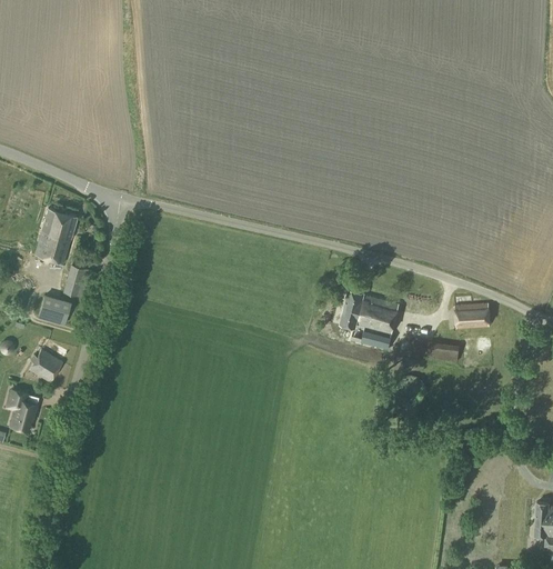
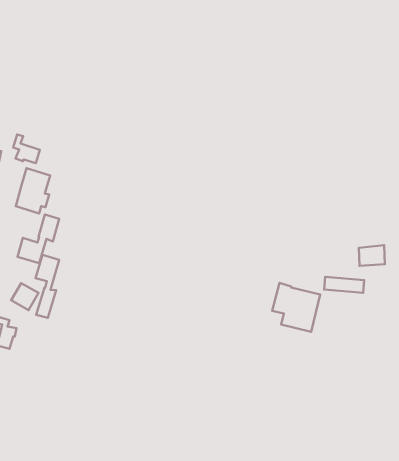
building: none -> [13,134,40,163]
building: [341,289,400,349] -> [272,283,320,332]
building: none -> [36,255,59,318]

